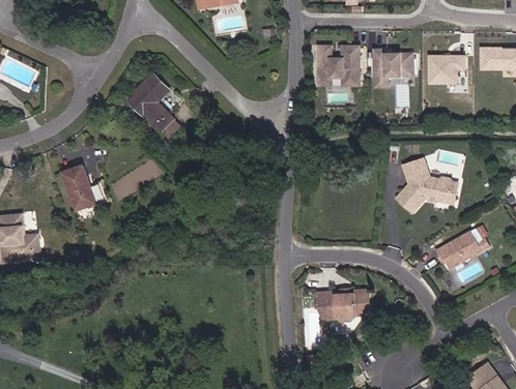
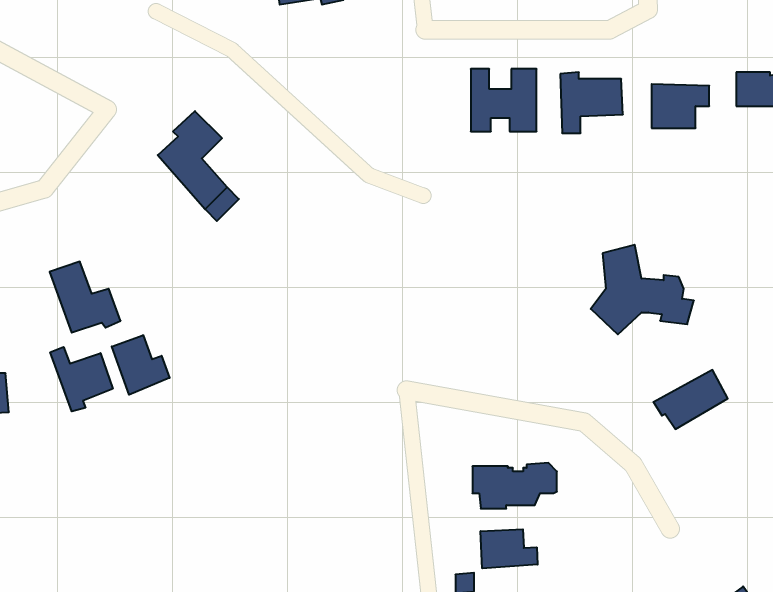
building: none -> [112,335,170,395]
building: none -> [50,347,113,411]
building: none -> [481,529,538,568]

